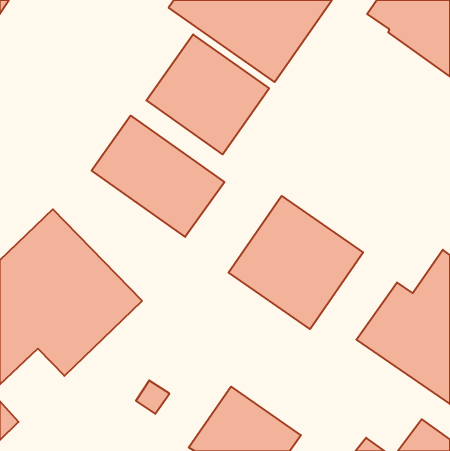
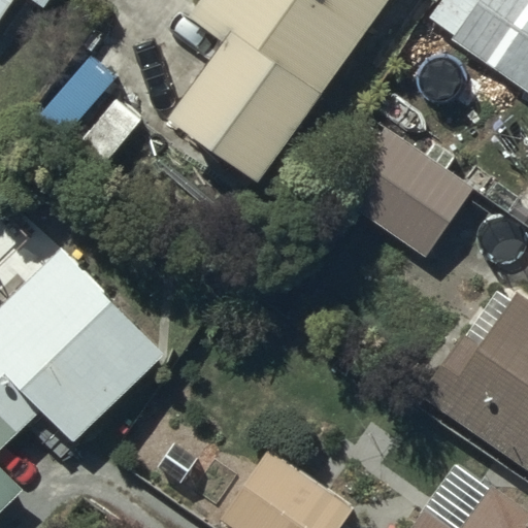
building: none -> [338,129,472,256]
building: [92,116,224,237] -> none
building: [229,196,363,329] -> none

